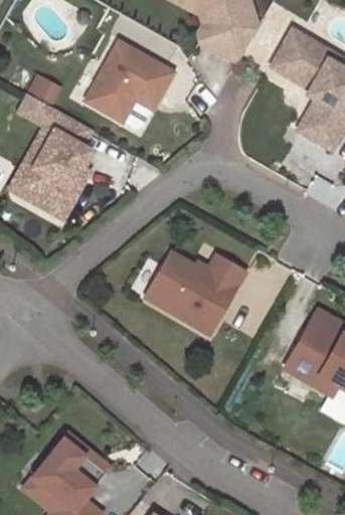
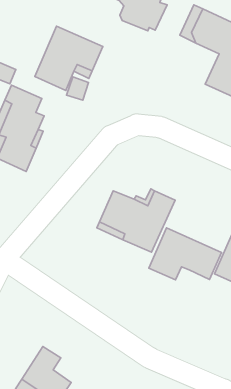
building: none -> [149,228,221,280]
building: [62,432,110,486] -> none

